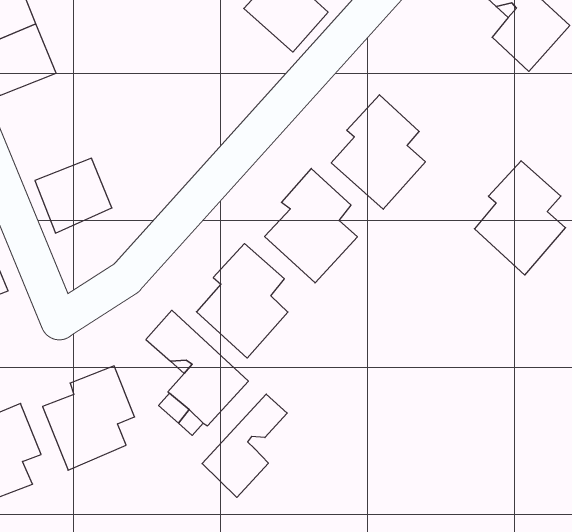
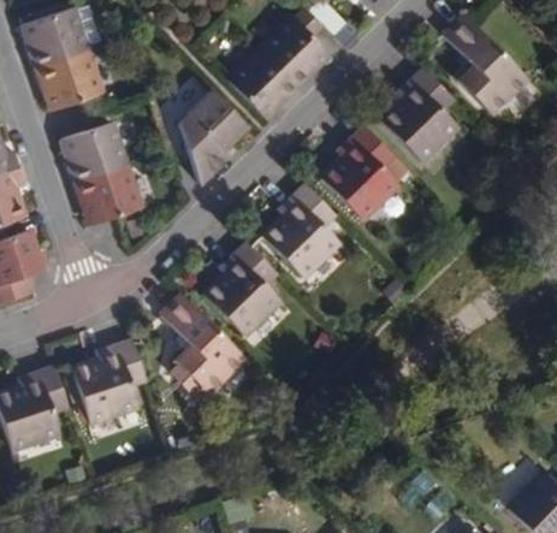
building: none -> [227,48,297,118]
building: none -> [184,90,247,170]
building: none -> [63,123,125,180]
building: [474,161,566,275] -> [384,69,460,164]
building: [202,394,287,497] -> none

